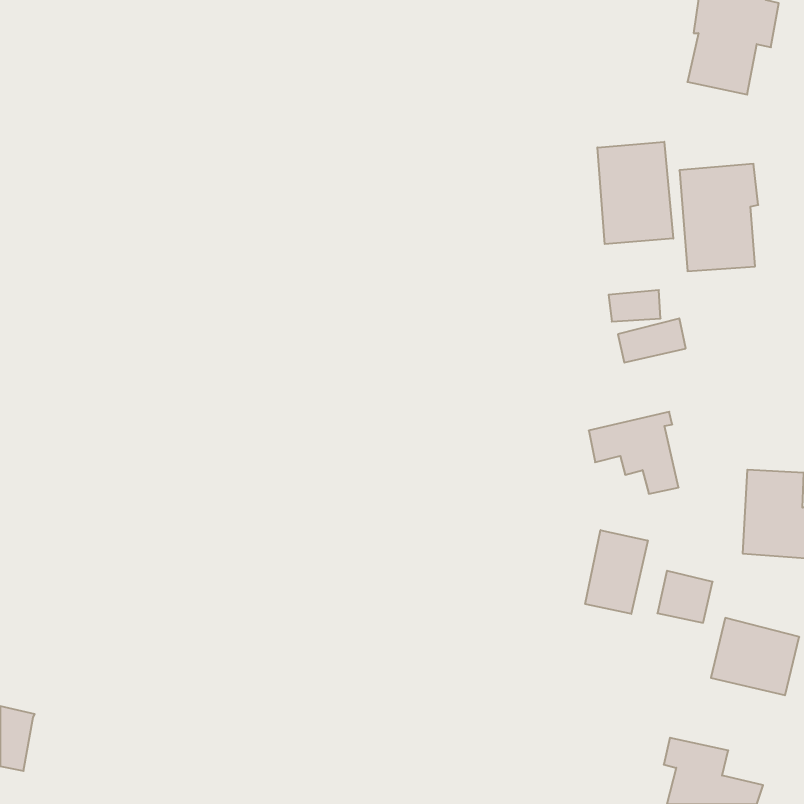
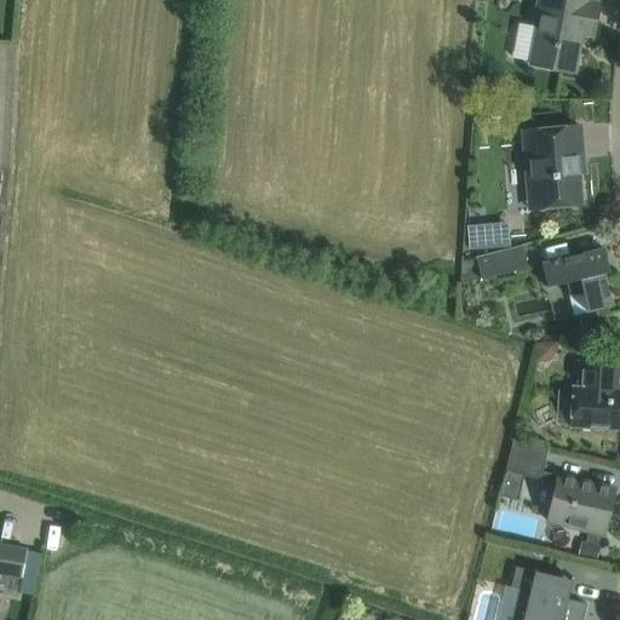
building: [597,142,673,244] -> none
building: [589,412,679,494] -> [542,248,612,311]
building: [585,530,648,614] -> none

